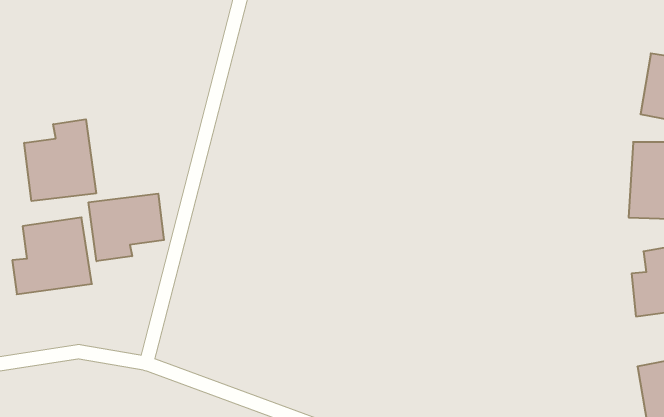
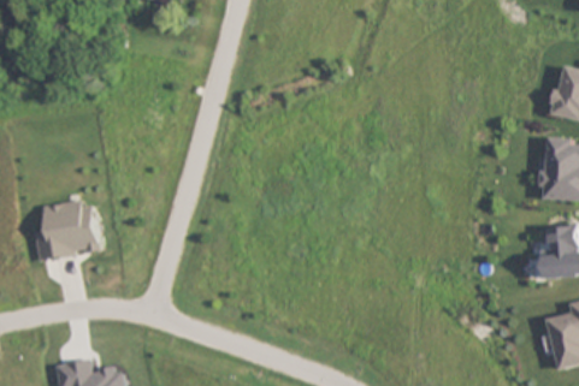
building: [24,119,96,201] -> none
building: [89,194,164,261] -> none

